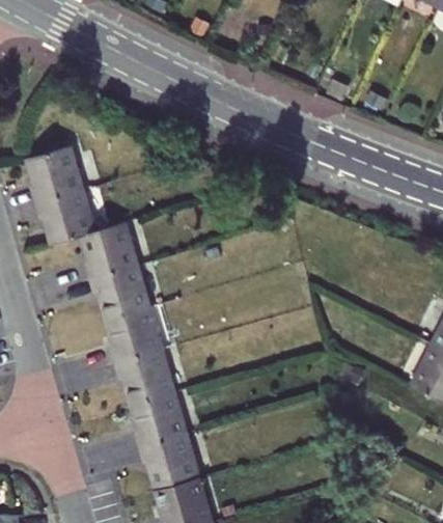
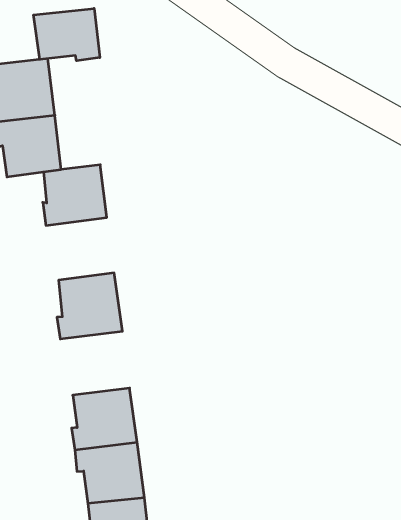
building: none -> [34,8,100,61]
building: [88,260,147,315] -> none
building: [113,348,173,404] -> none

